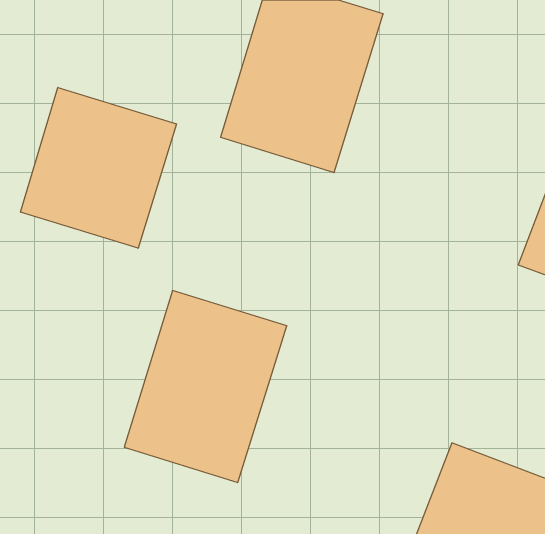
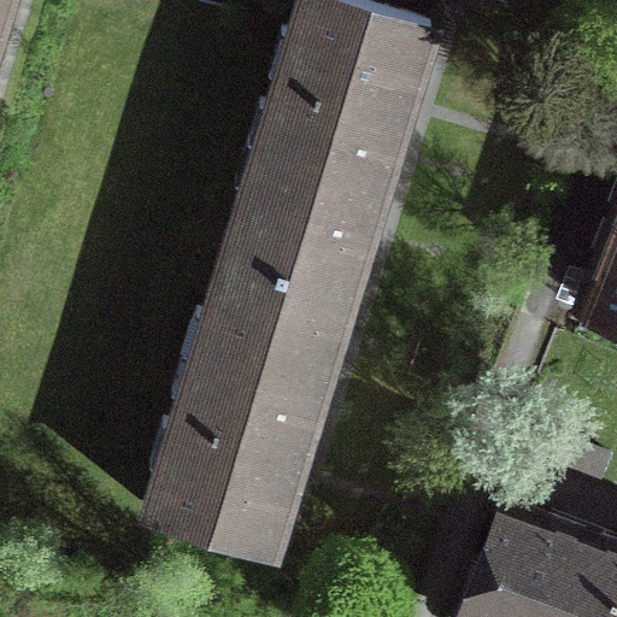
building: [21,87,176,248] -> none
building: none -> [196,170,378,382]

